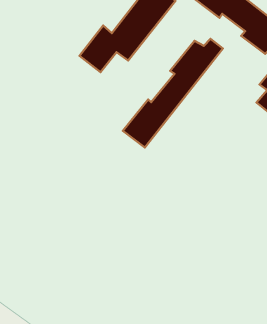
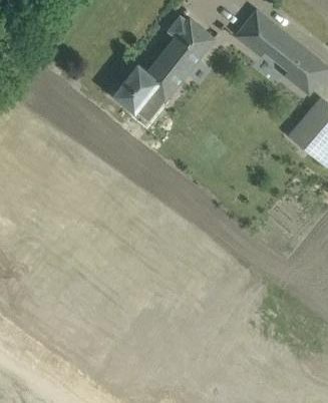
building: [123,39,223,148] -> none

